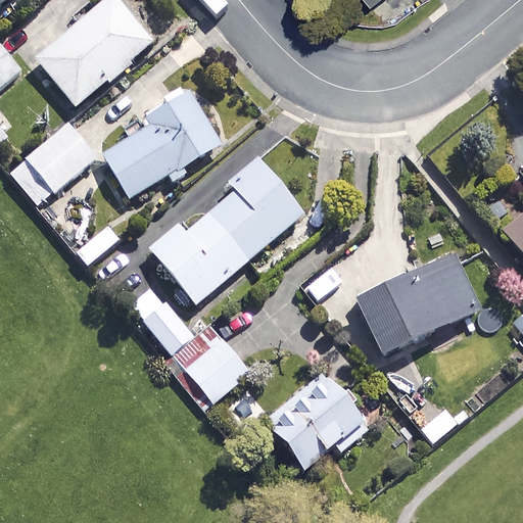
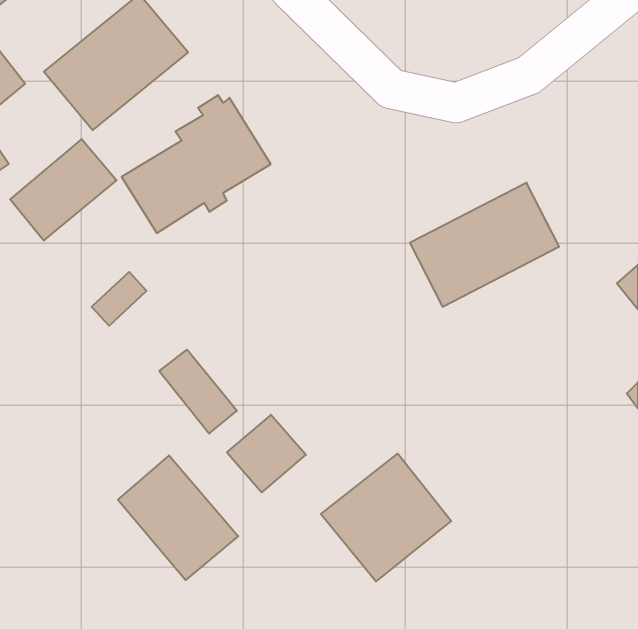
building: [150,158,304,303] -> none
building: [359,258,480,360] -> [410,183,559,307]
building: none -> [118,455,238,580]

